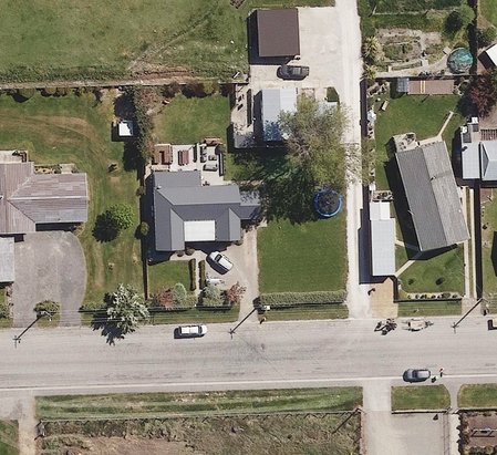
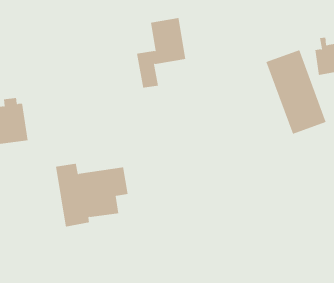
building: [151,170,240,250] -> [55,163,128,227]
building: [370,218,396,277] -> none

